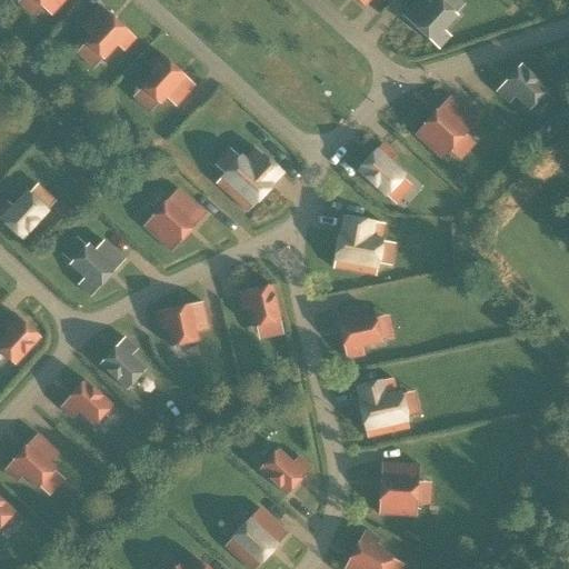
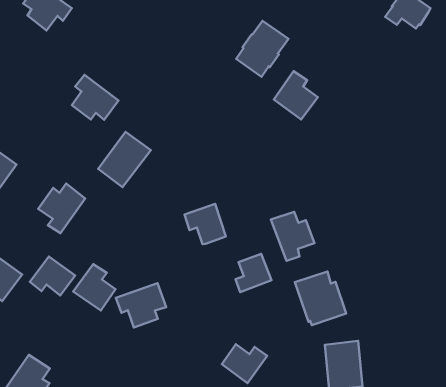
building: [140,51,194,106] -> [72,75,118,120]
building: [415,94,478,159] -> [236,21,289,77]
building: [216,146,284,211] -> none
building: [332,214,385,276] -> none
building: [153,300,210,348] -> [116,283,166,328]
building: none -> [235,254,272,292]
building: [60,379,113,426] -> [30,256,75,296]

